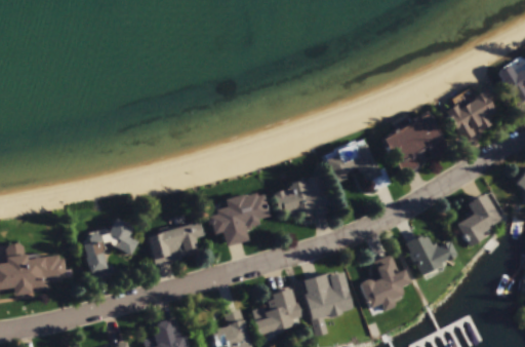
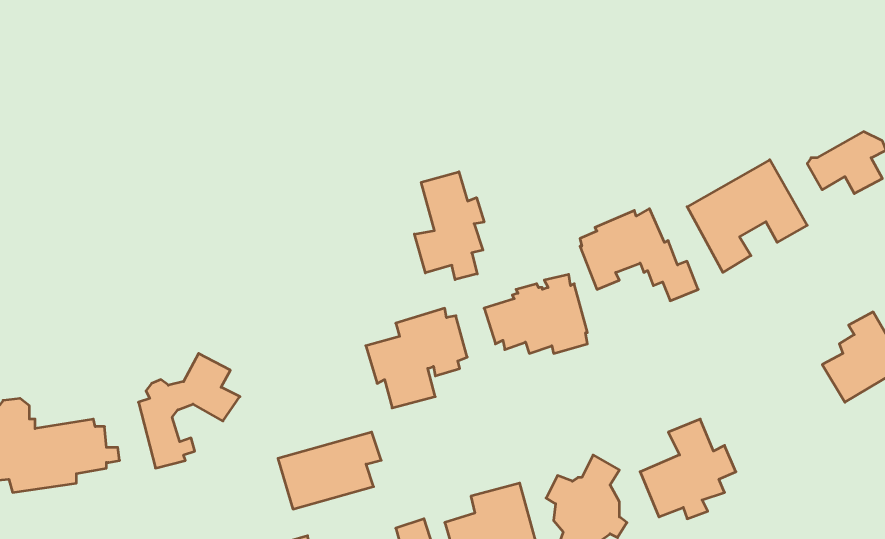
building: none -> [414,172,484,280]
building: [146,222,202,264] -> [278,432,381,509]
building: [406,233,457,275] -> none

